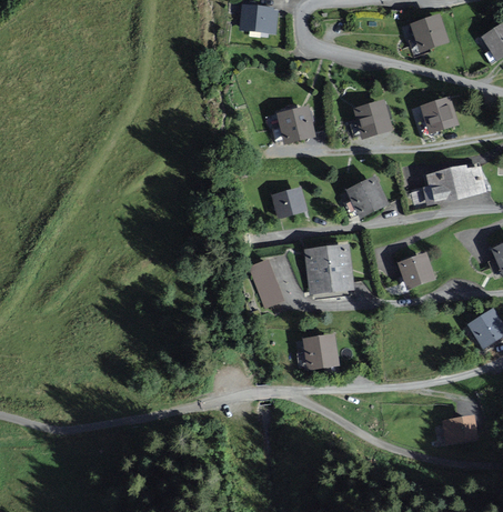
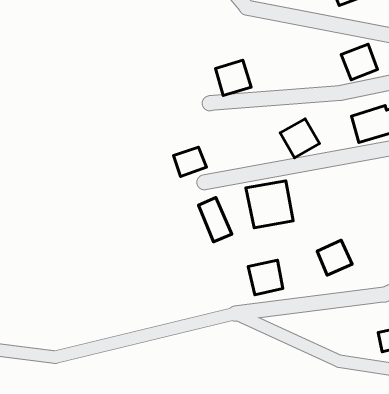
building: [352,98,392,138] -> none
building: [271,185,308,218] -> [173,147,207,177]
building: [398,250,436,289] -> [317,240,352,275]

